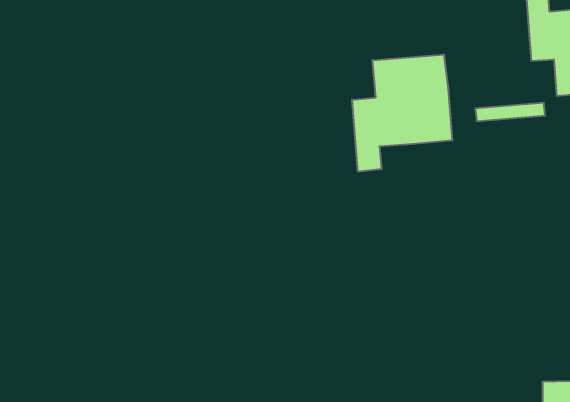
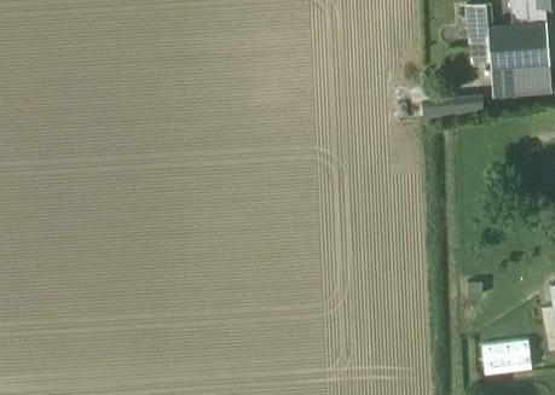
building: [352,54,452,172] -> none

